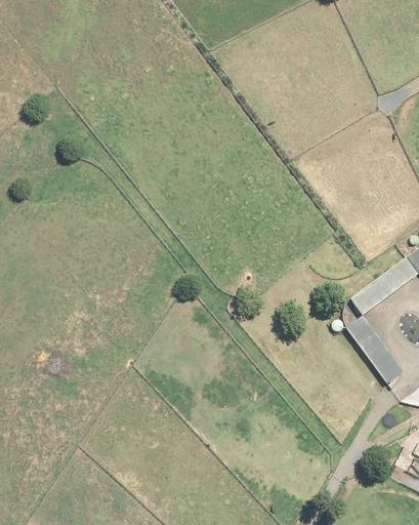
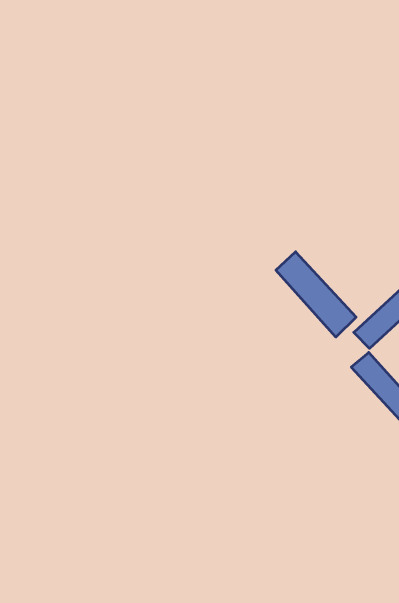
building: none -> [276,252,356,337]

